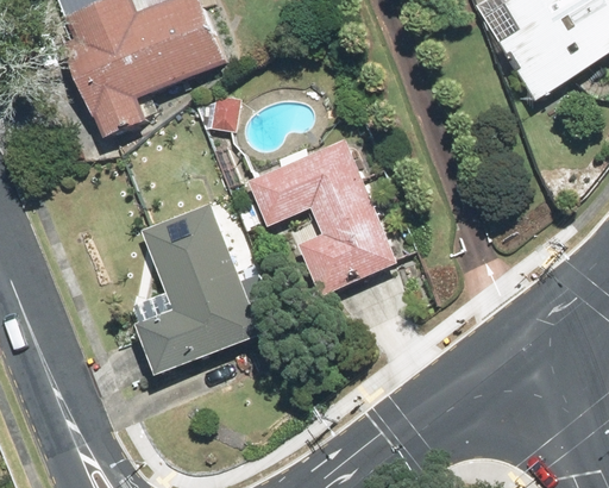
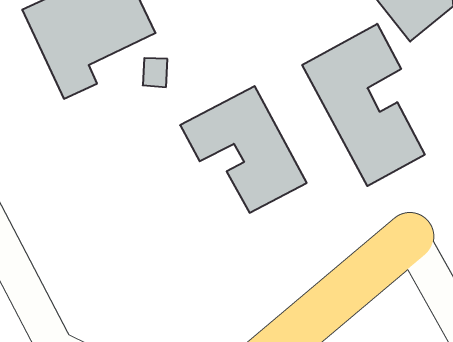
building: none -> [302,24,425,186]
building: [137,200,263,376] -> none

